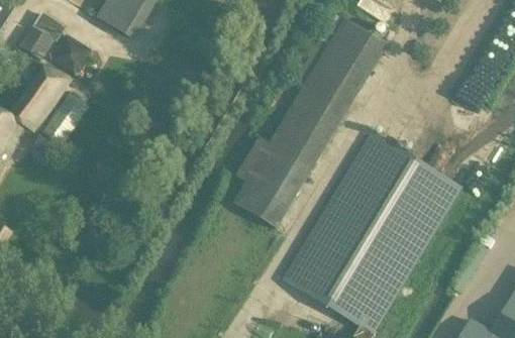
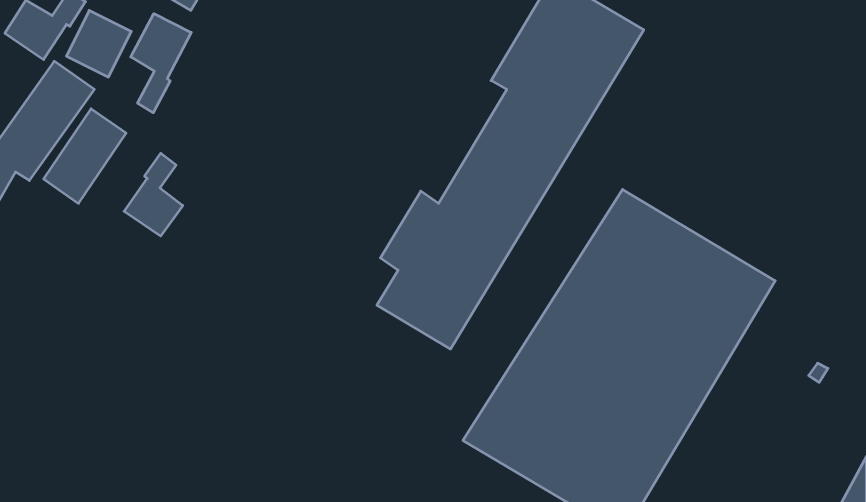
building: none -> [131,14,191,113]
building: none -> [124,153,183,236]

